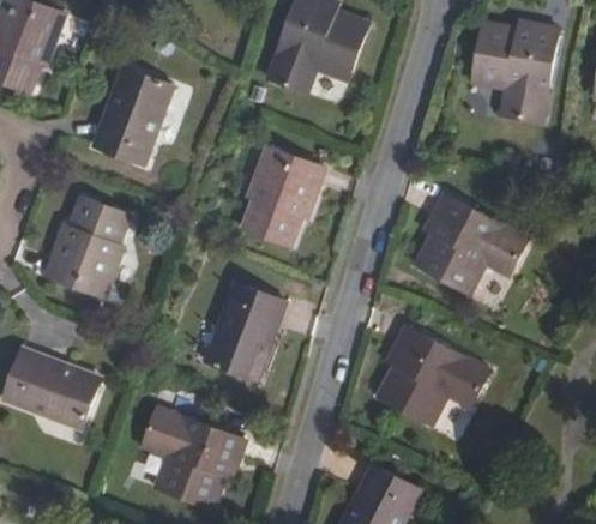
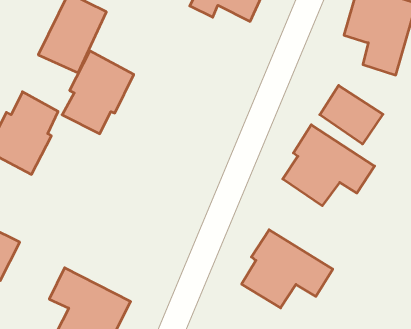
building: none -> [320,85,383,144]
building: [241,144,324,245] -> [62,51,134,134]
building: [206,283,284,379] -> none

